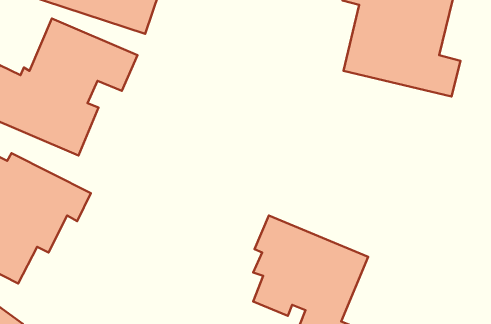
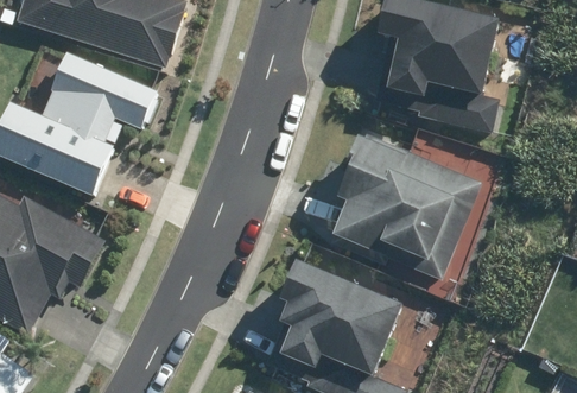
building: none -> [328,131,482,284]

